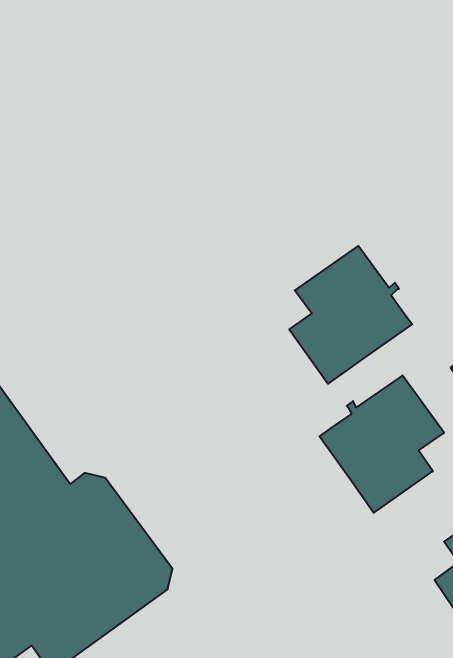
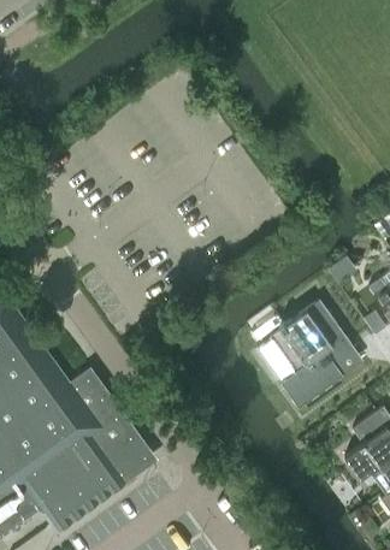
building: [289,246,412,384] -> none

